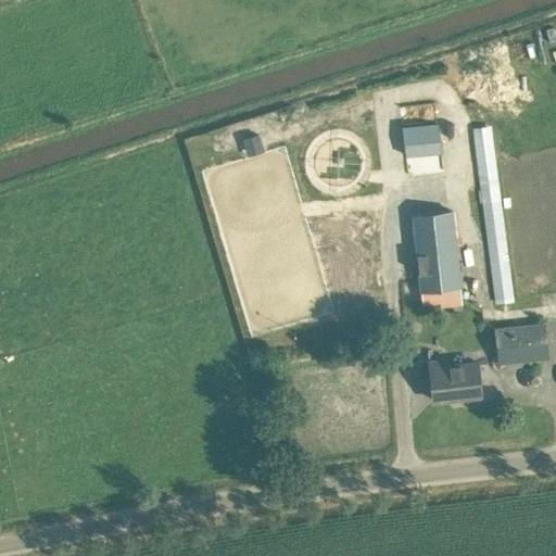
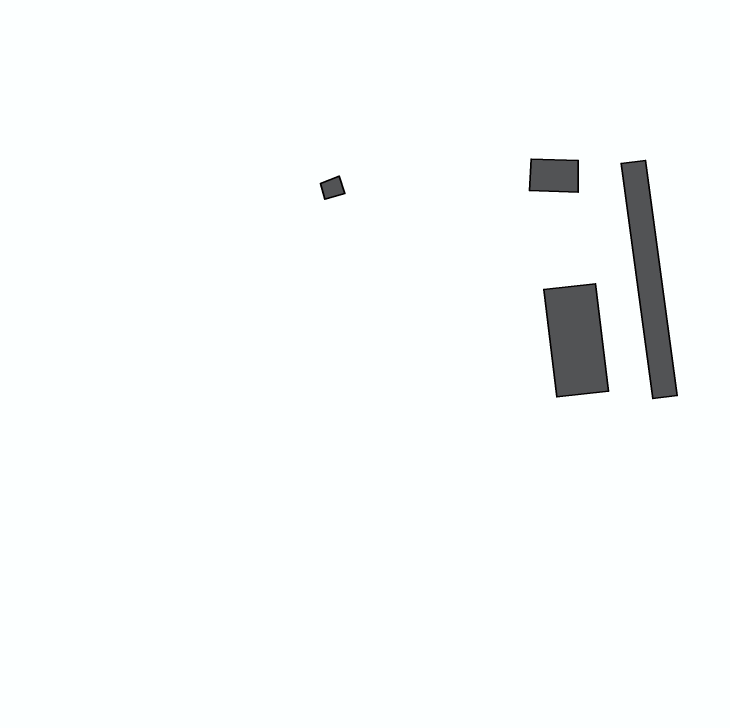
building: [496,326,548,365] -> none
building: [430,363,482,403] -> none

